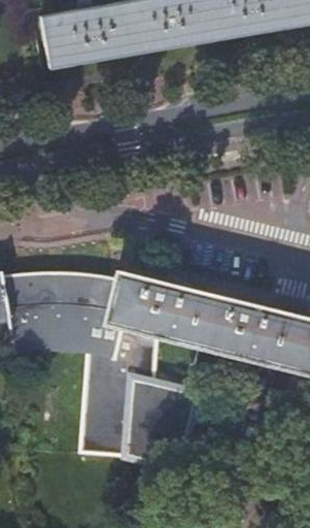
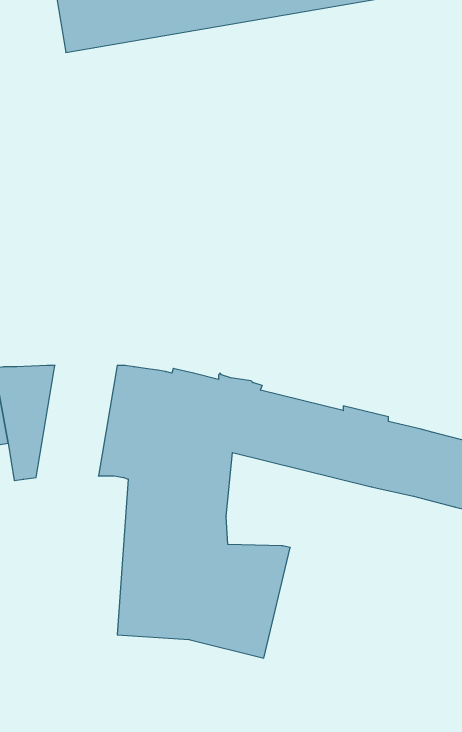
building: [28,272,81,348] -> none

